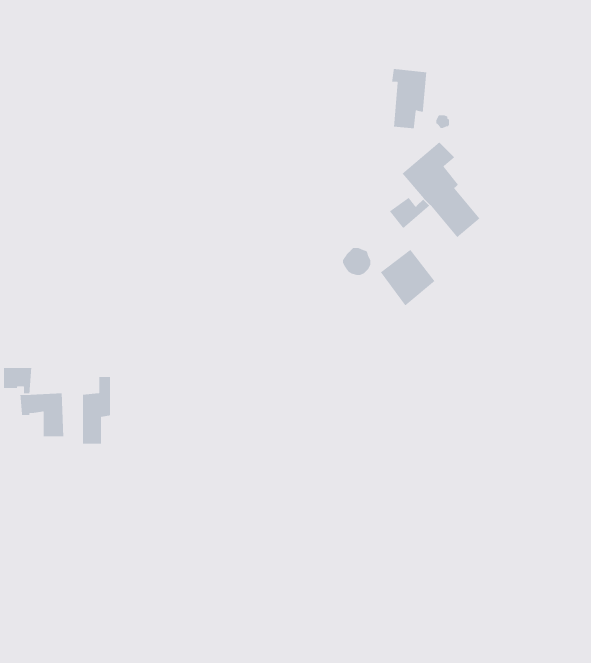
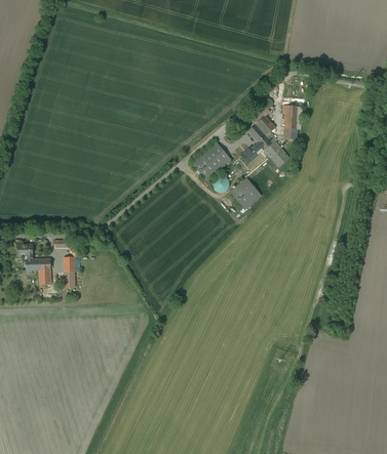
building: [391,68,427,129] -> [281,106,302,140]
building: none -> [191,143,229,180]

